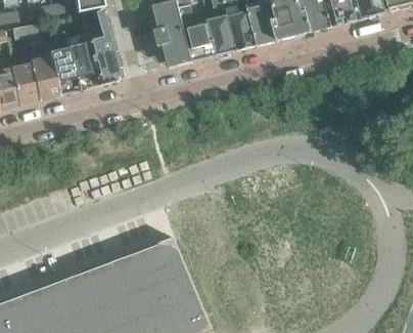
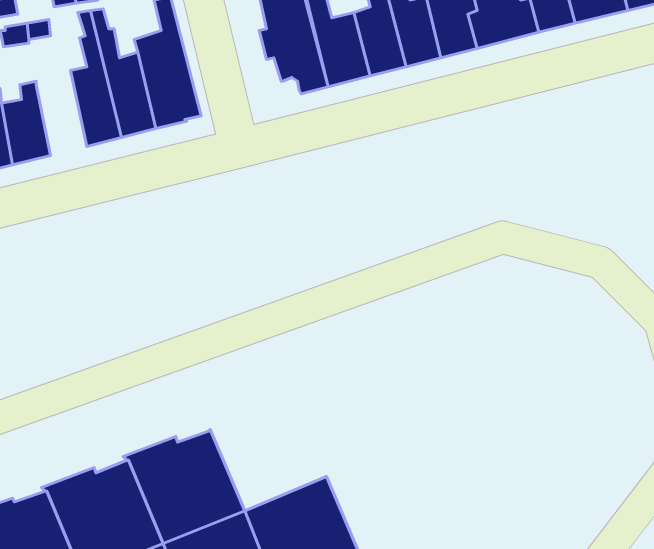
building: [28,47,56,100] -> none
building: [123,237,191,301] -> none

